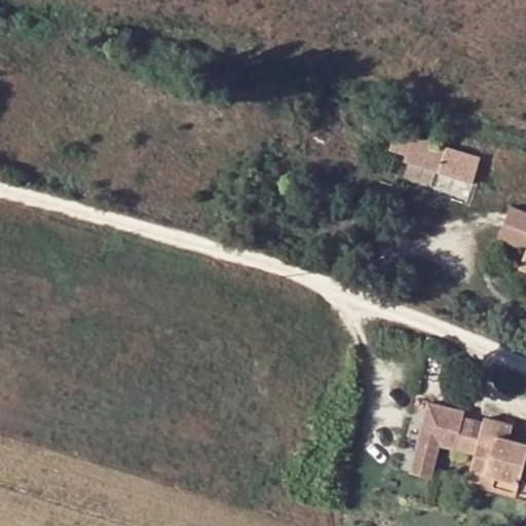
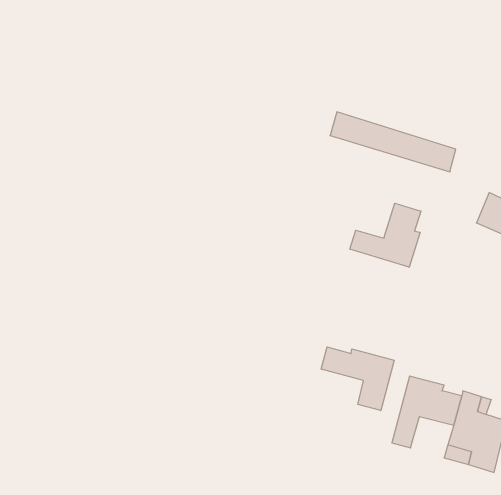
building: none -> [350,203,421,267]
building: none -> [321,347,394,411]

